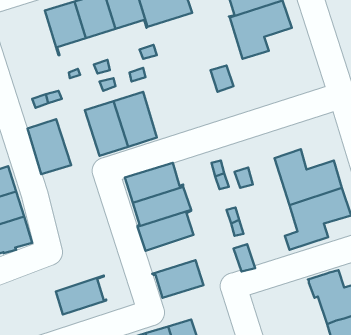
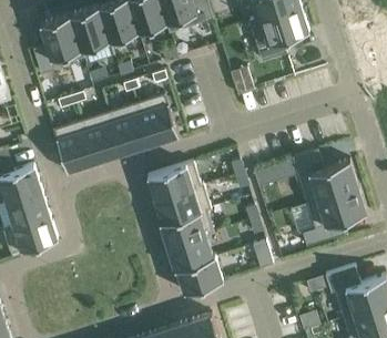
building: none -> [32,16,82,75]
building: none -> [80,112,122,165]
building: [56,275,106,314] -> [166,233,215,270]

